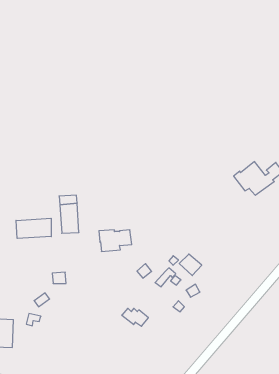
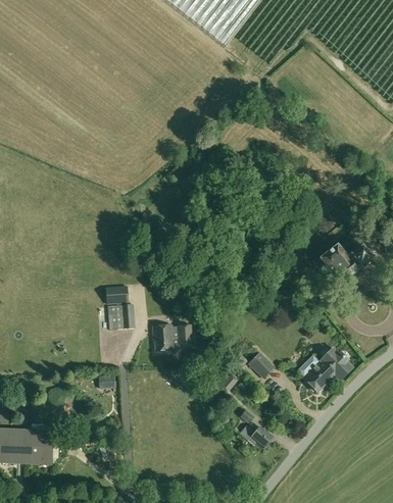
building: [16,218,51,238] -> none
building: none -> [297,347,354,391]
building: [122,308,148,326] -> [240,424,272,446]

